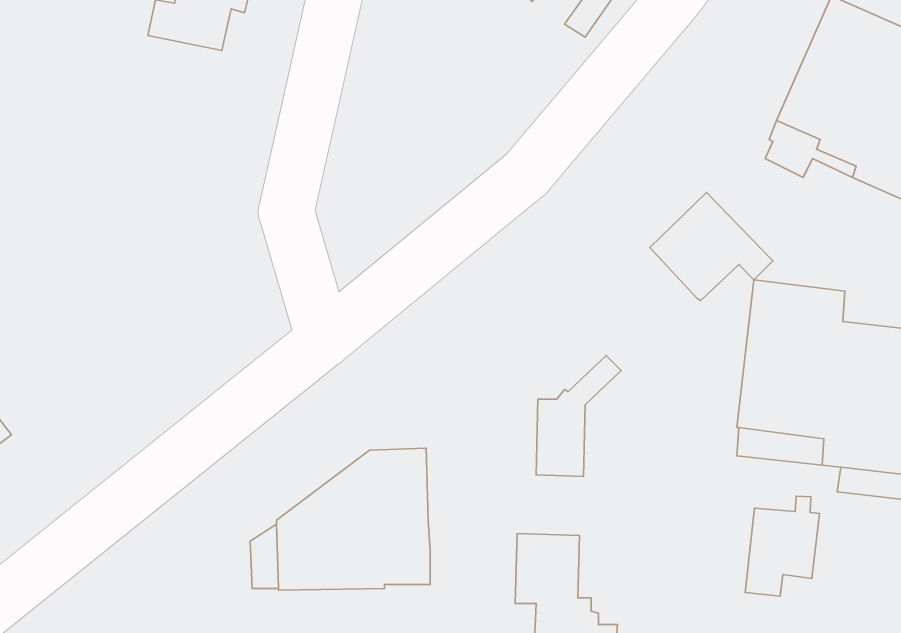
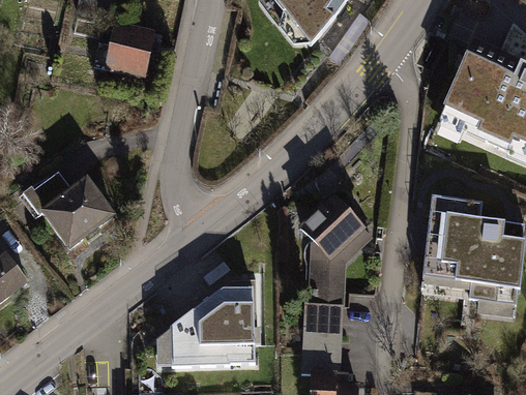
building: [650,193,773,301] -> [303,196,371,255]
building: none -> [30,171,114,245]
building: none -> [303,300,340,334]
building: [745,496,819,596] -> none

